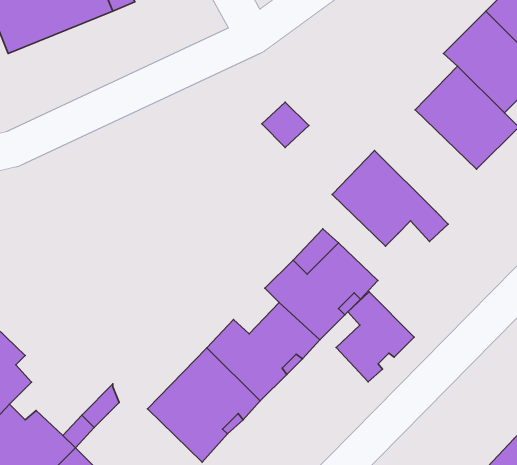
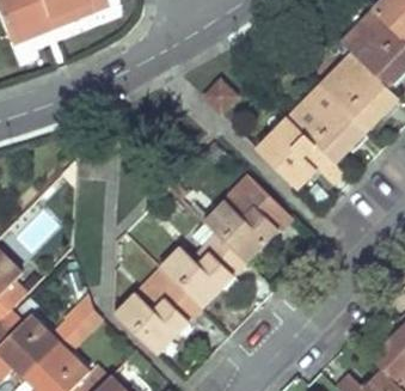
building: none -> [289,85,367,163]
building: [336,292,414,382] -> none

